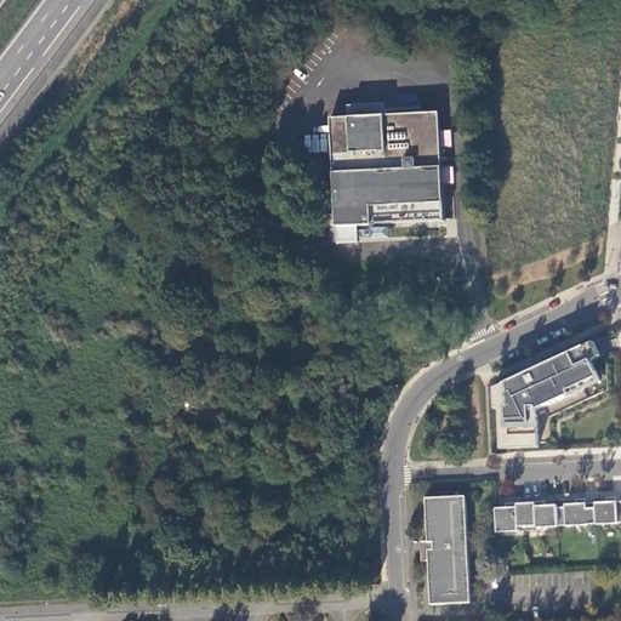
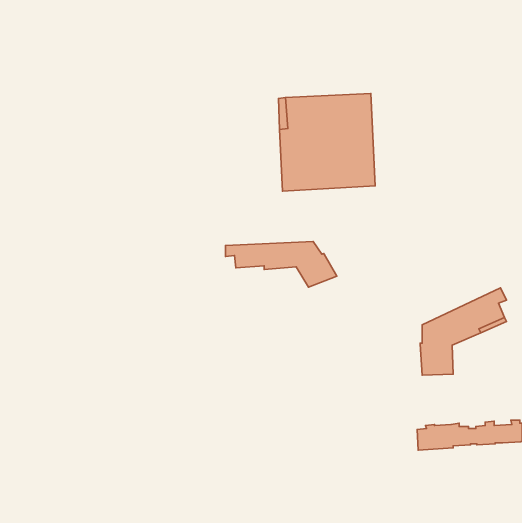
building: none -> [225,241,337,287]
building: [423,492,467,600] -> none

